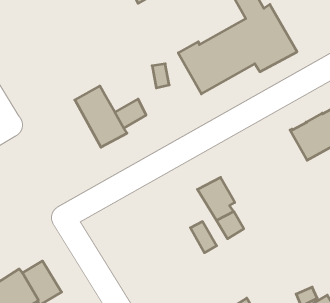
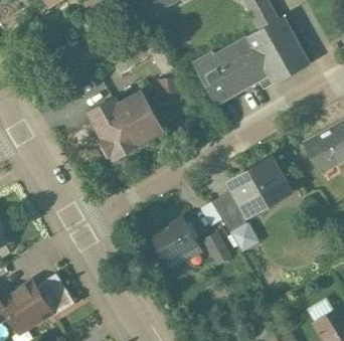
building: none -> [118,94,151,124]
building: none -> [229,159,288,214]
building: none -> [151,218,200,269]

